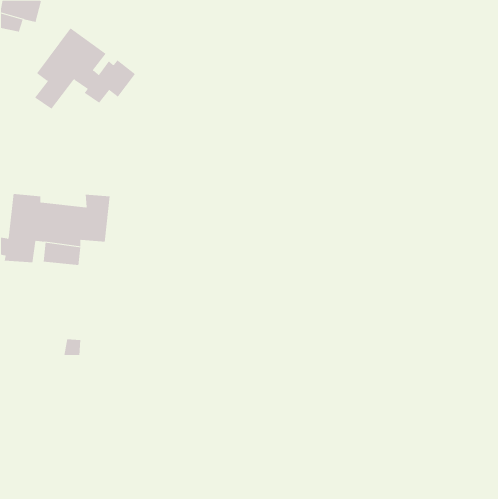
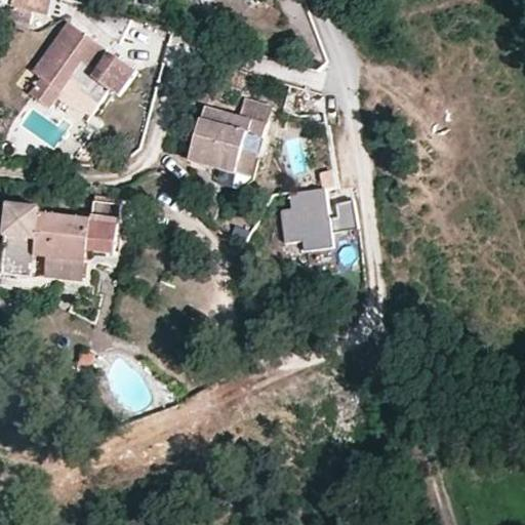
building: none -> [184,94,269,176]
building: none -> [279,188,355,250]

